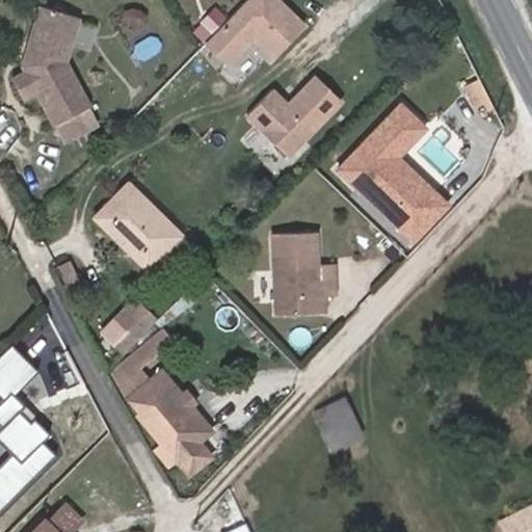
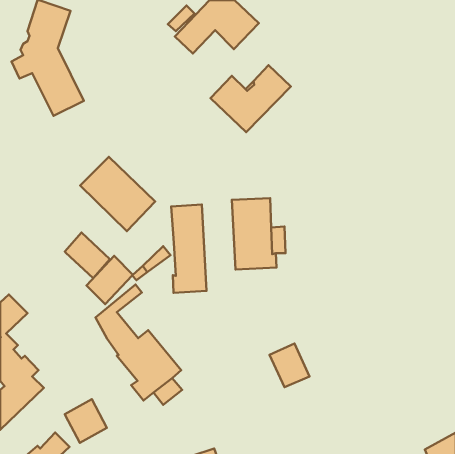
building: [337,98,455,244] -> none
building: none -> [171,205,206,293]
building: none -> [65,233,110,278]
building: none -> [65,399,107,443]

